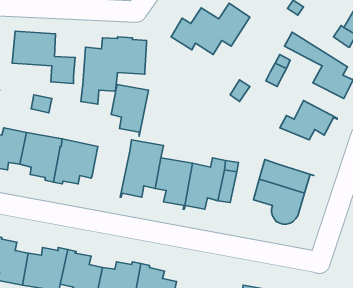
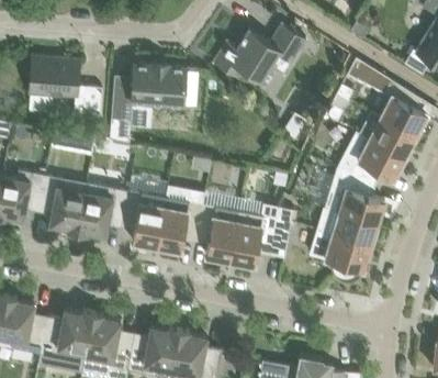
building: none -> [358,112,416,159]
building: [111,84,149,136] -> [122,191,166,252]
building: none -> [324,168,384,226]

